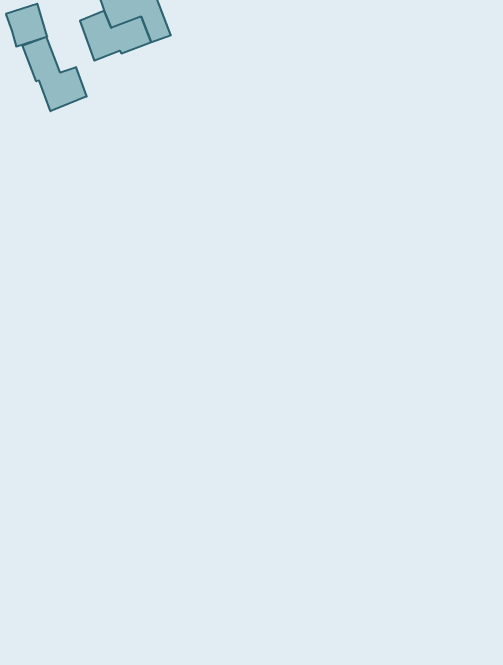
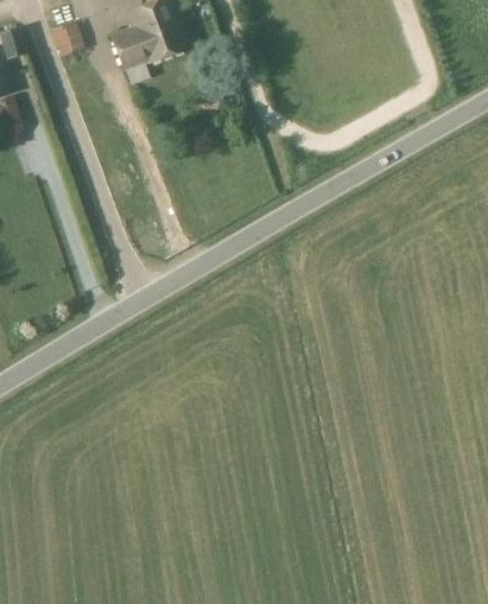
building: [23,37,87,111] -> none

